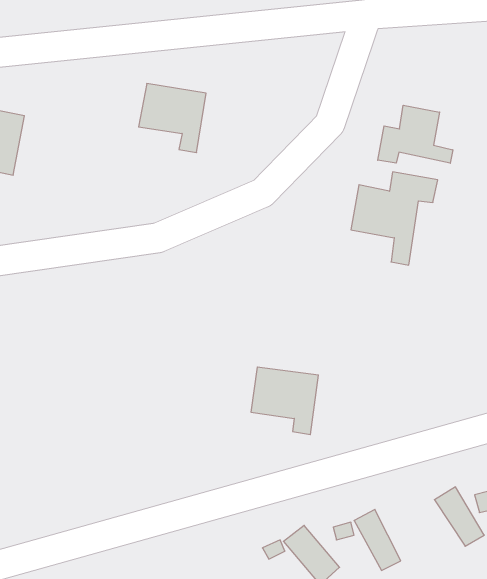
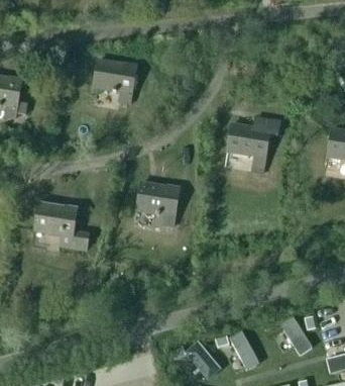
building: [378,105,453,163] -> none
building: none -> [34,204,89,250]
building: [251,367,318,435] -> [136,184,179,226]

